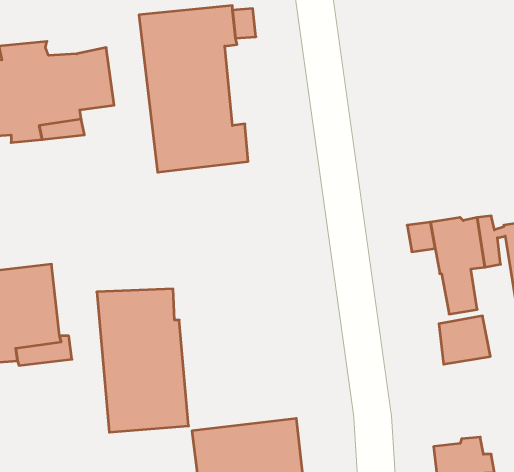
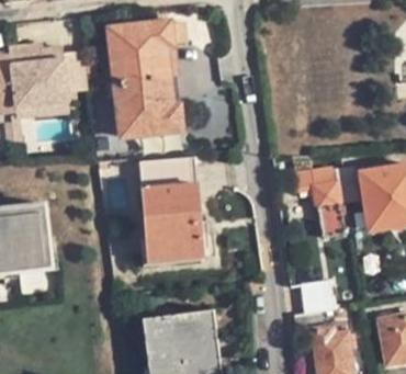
building: [97,289,189,432] -> [137,159,202,260]
building: [439,316,490,364] -> [300,281,336,315]

